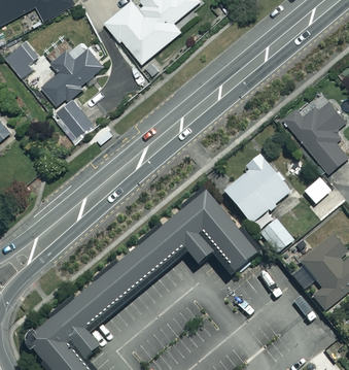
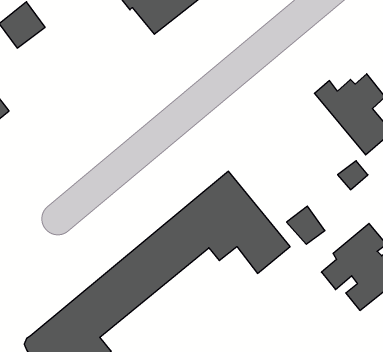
building: [40,46,105,106] -> none
building: [55,100,92,137] -> none
building: [223,154,290,224] -> none

